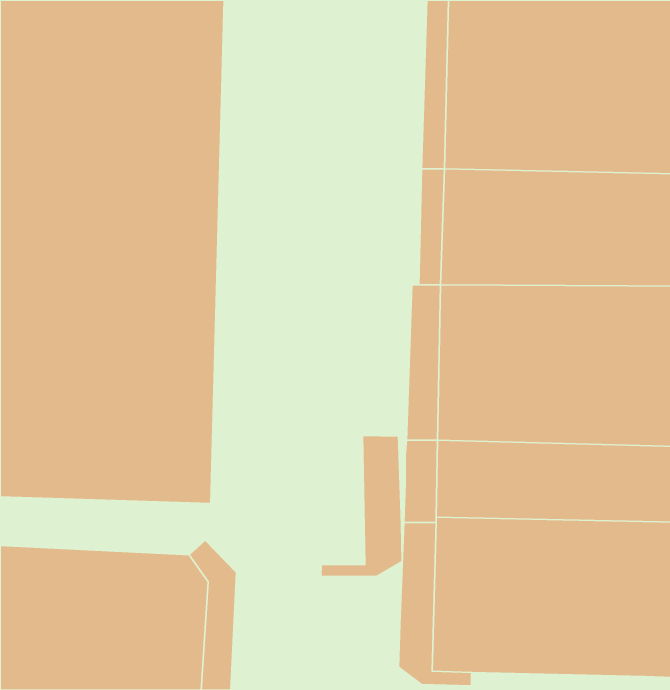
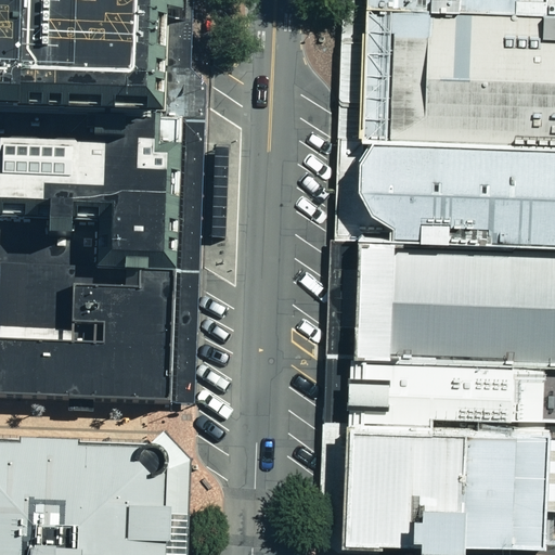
building: [321,435,402,577] -> none

